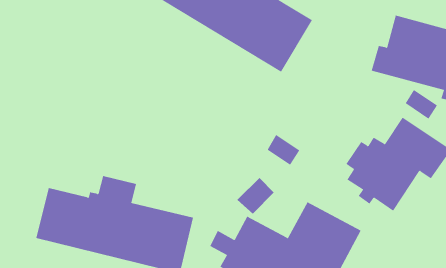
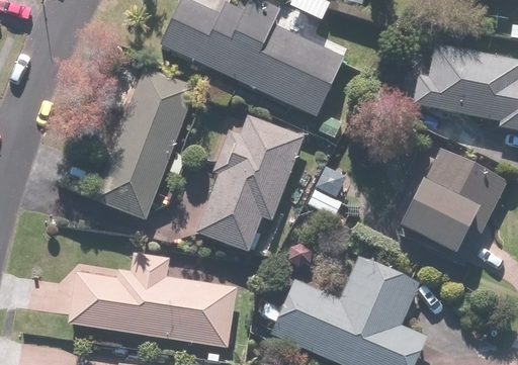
building: none -> [93,64,197,222]
building: none -> [183,111,307,253]

